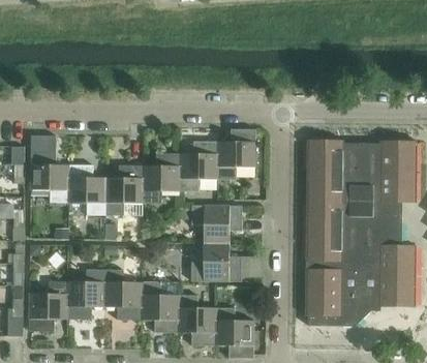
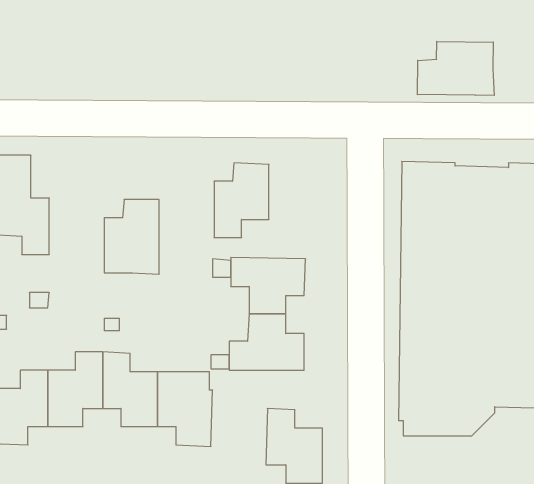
building: none -> [417,41,494,95]
building: [217,128,255,178] -> none
building: [143,152,180,203] -> none
building: [68,163,105,214] -> none
building: [178,294,216,344] -> none

